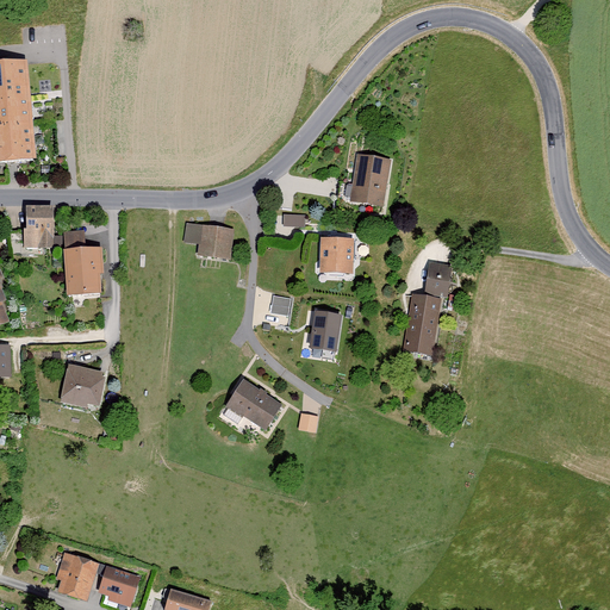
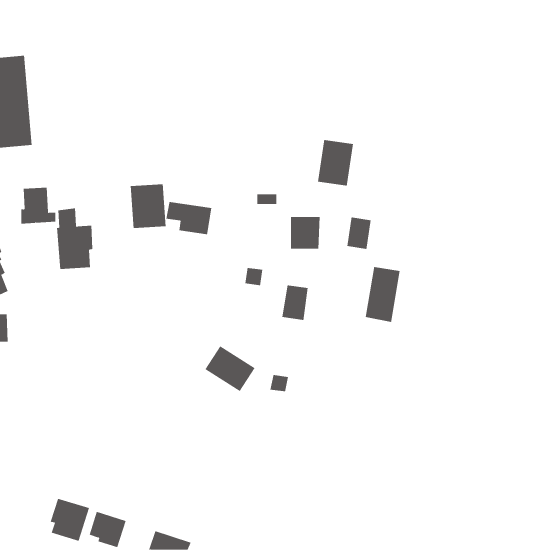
building: none -> [130,183,166,229]
building: [424,262,452,298] -> [346,217,371,249]
building: [60,365,105,407] -> none

